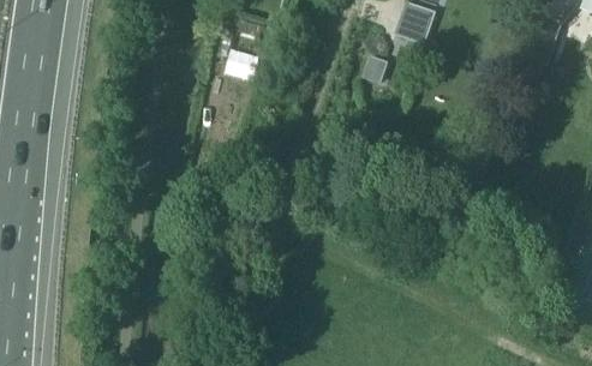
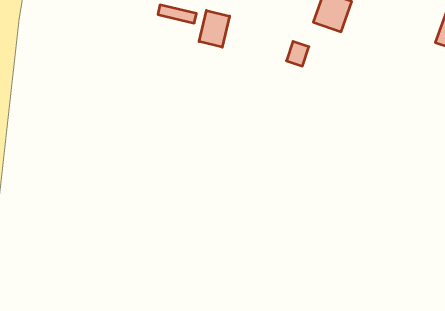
building: none -> [199,10,230,47]

